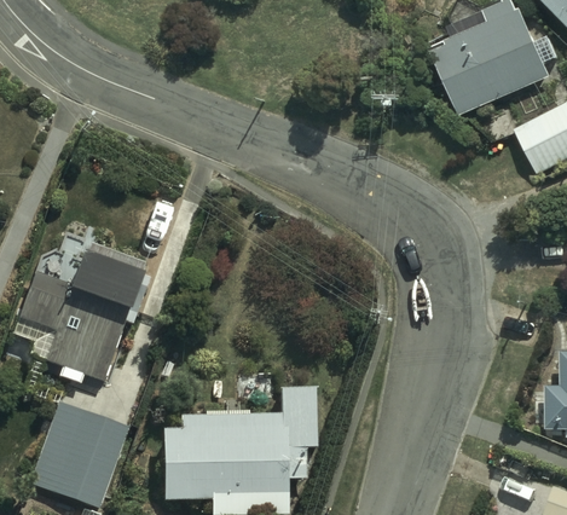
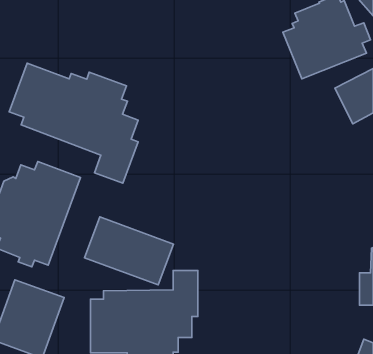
building: none -> [9,63,138,183]
building: none -> [84,217,174,285]

